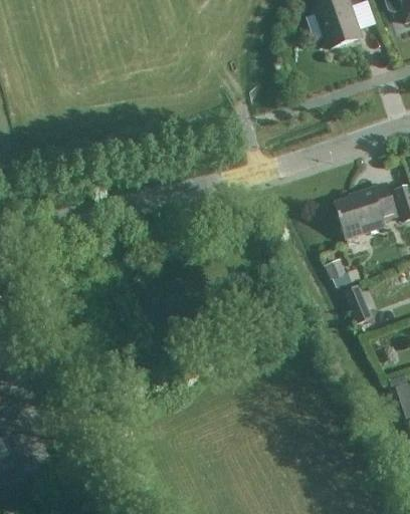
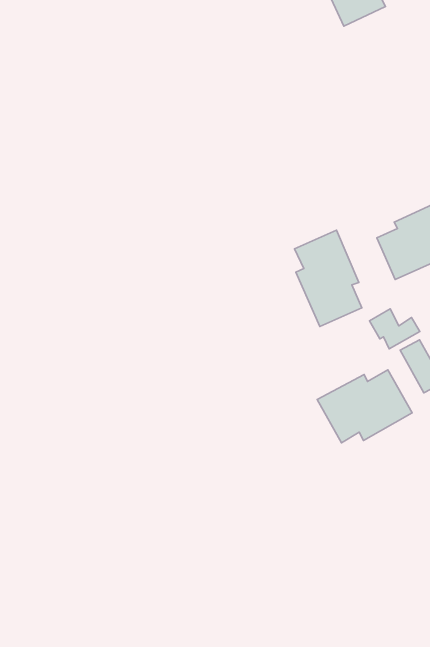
building: none -> [295,230,362,326]
building: none -> [317,370,412,443]

